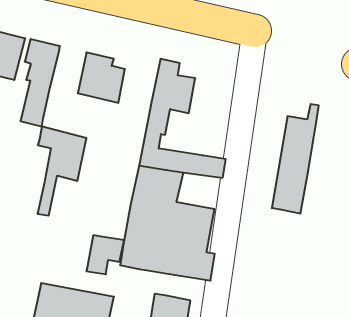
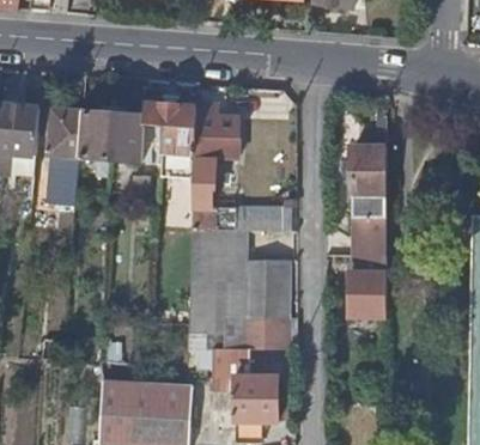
building: none -> [79,109,114,159]
building: [37,127,86,216] -> [145,100,199,200]
building: none -> [350,254,385,317]
building: [86,235,124,274] -> [212,347,249,389]

